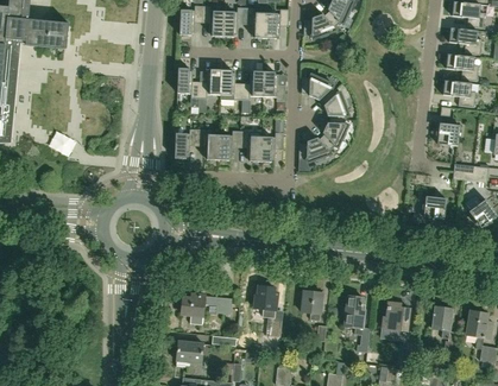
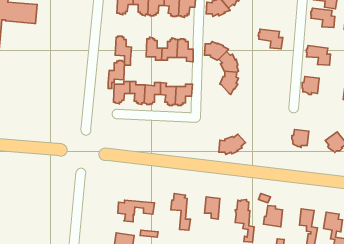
building: [445,53,479,81] -> [258,29,283,49]
building: [198,68,221,107] -> [108,60,125,89]
building: [298,134,335,163] -> [219,134,245,155]

